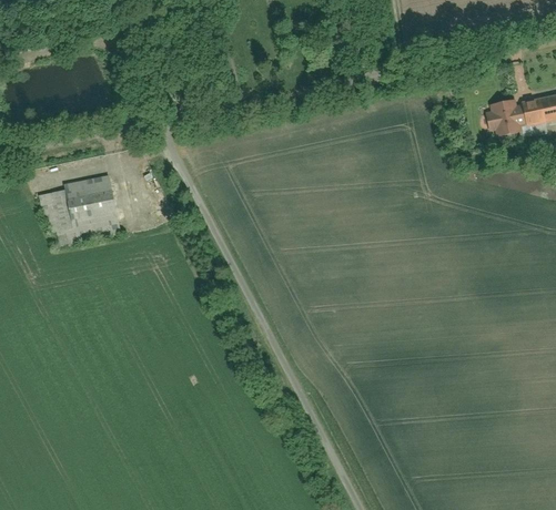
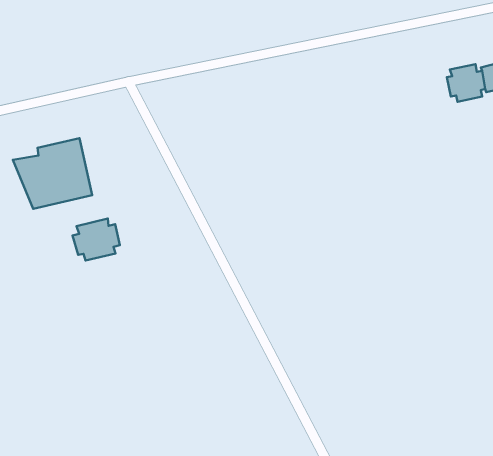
building: none -> [73,218,120,261]

